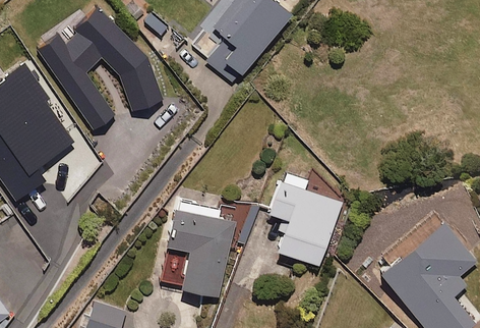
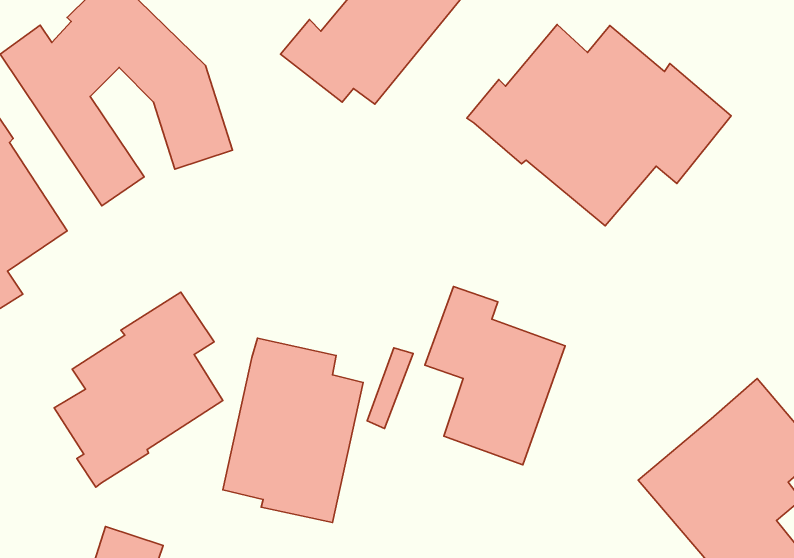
building: none -> [467,24,731,226]
building: none -> [54,292,223,487]

